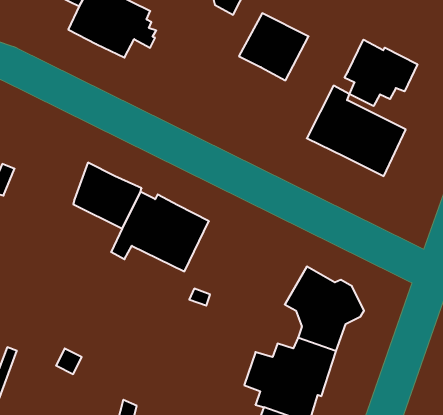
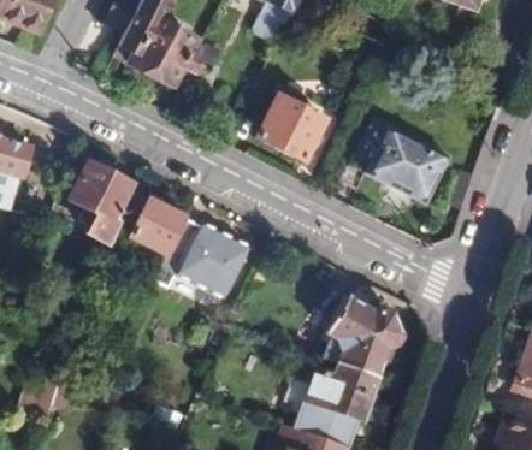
building: [239,13,309,80] -> [256,94,325,160]
building: [345,40,417,106] -> none
building: none -> [75,162,134,239]

